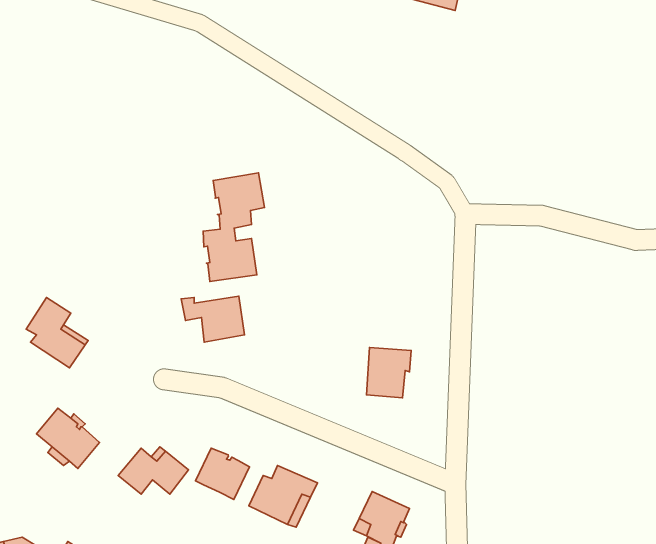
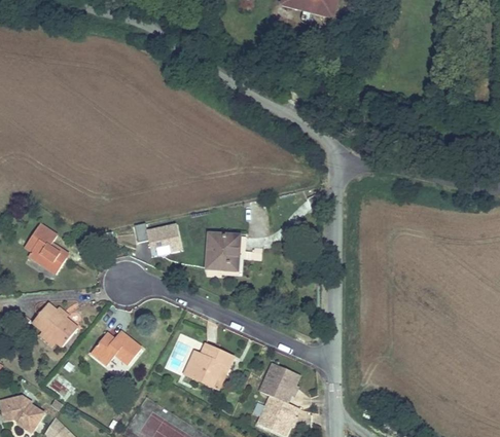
building: [203,173,264,282] -> none
building: [367,348,411,398] -> [207,233,239,269]
building: [195,448,250,499] -> none

